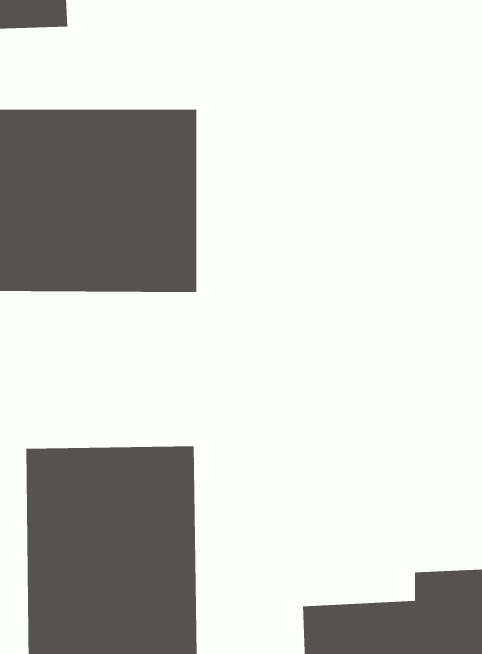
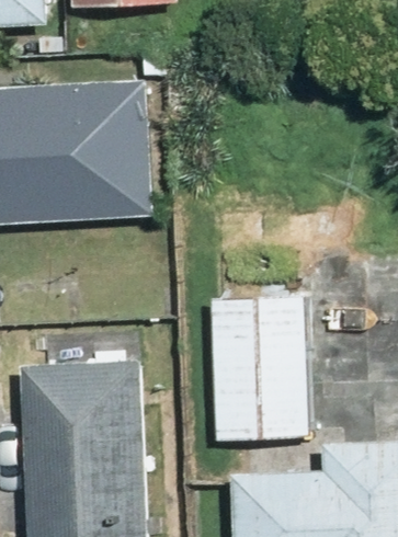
building: none -> [214,295,312,439]

